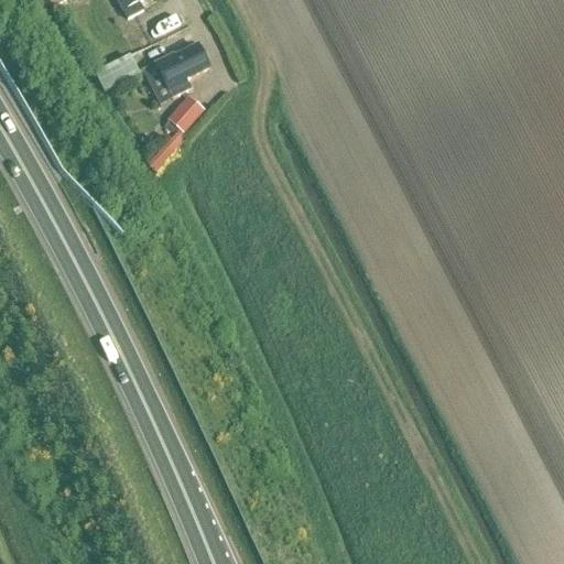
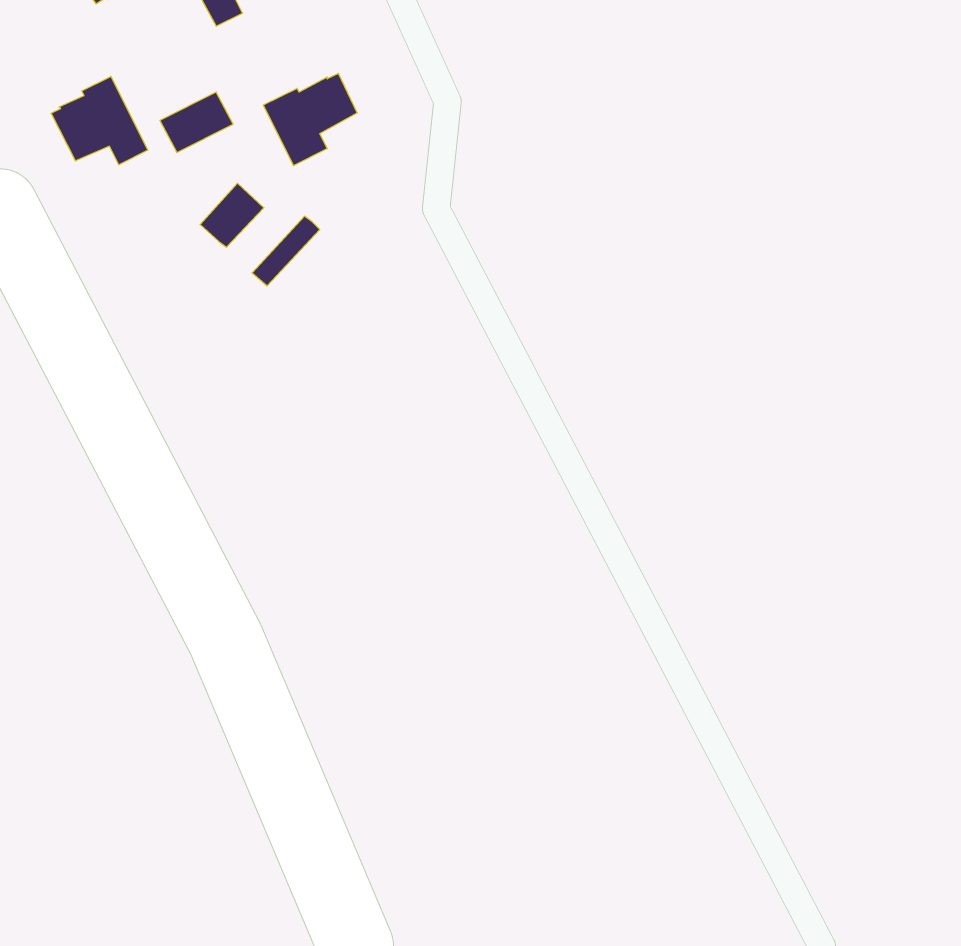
building: none -> [51,76,148,165]
building: [167,93,205,130] -> [200,183,264,247]

